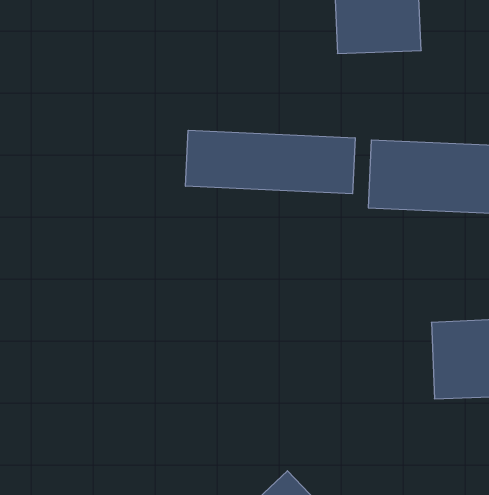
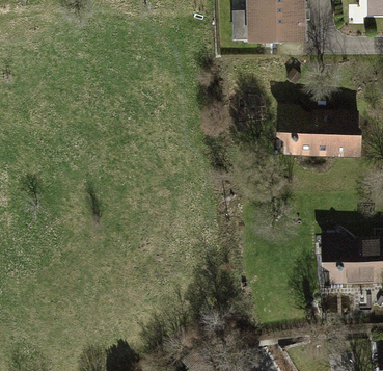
building: [186,130,355,194] -> none

